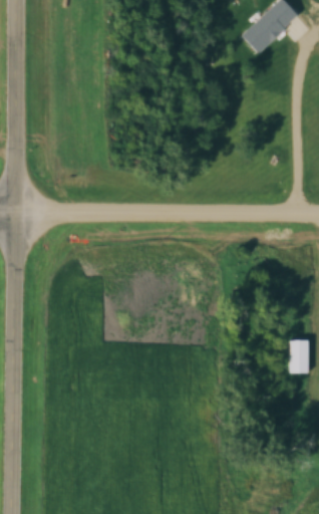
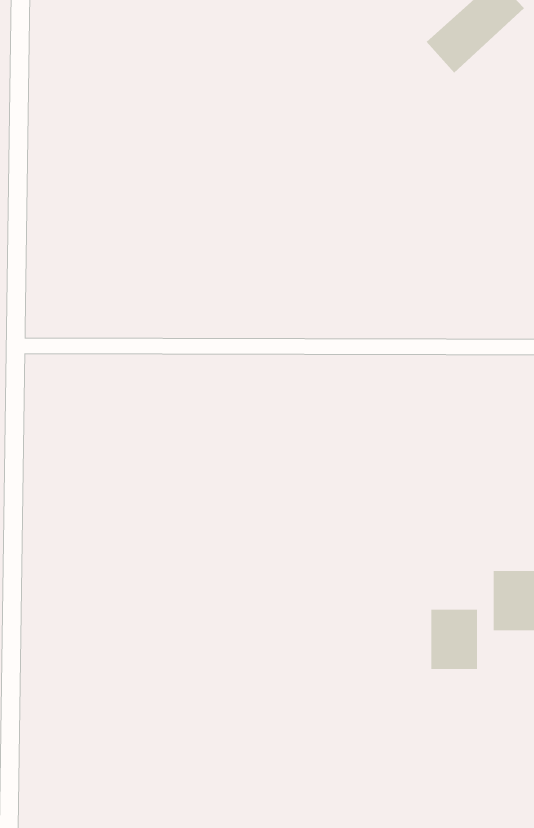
building: none -> [431,609,478,670]

